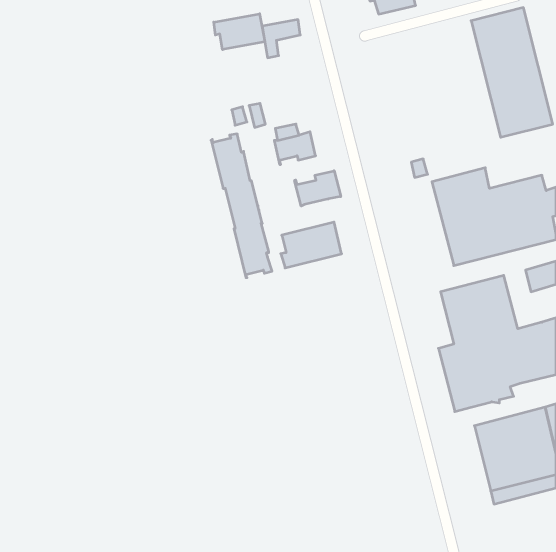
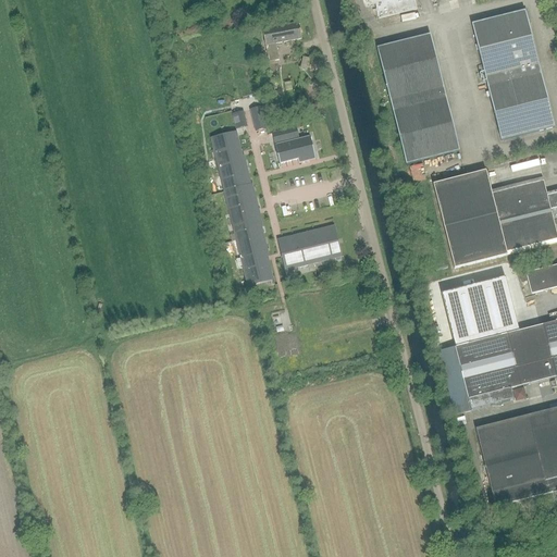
building: [214,14,265,50] -> none
building: none -> [376,32,458,161]
building: [295,171,341,206] -> none

